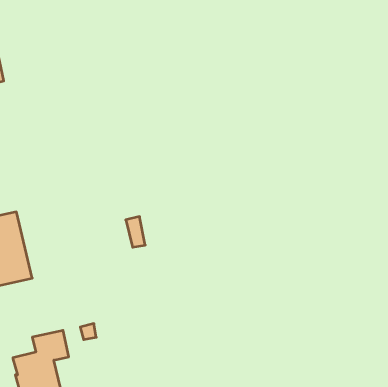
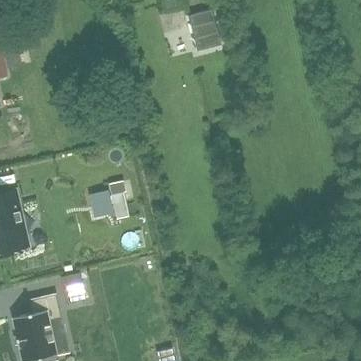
building: none -> [187,8,221,49]
building: none -> [88,189,113,216]

